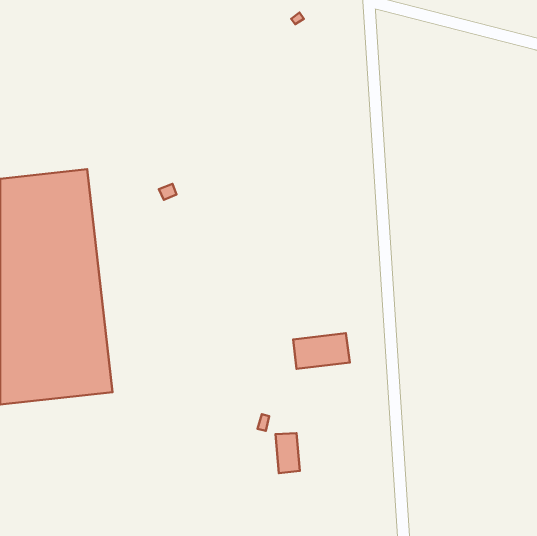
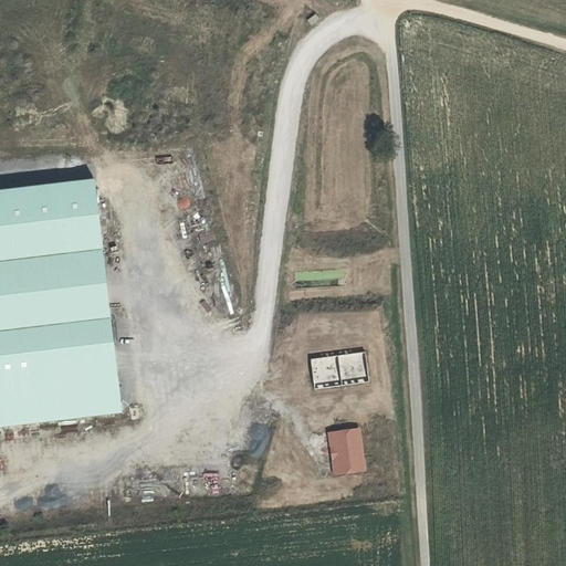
building: [276,433,300,473] -> [335,429,360,471]

